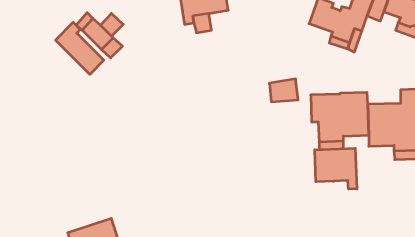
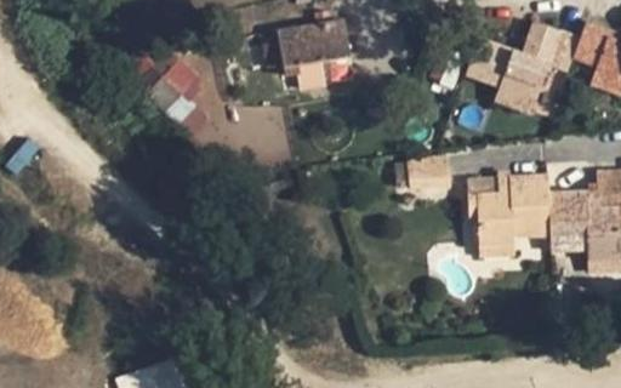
building: [56,22,104,74] -> none
building: [315,148,357,189] -> none

